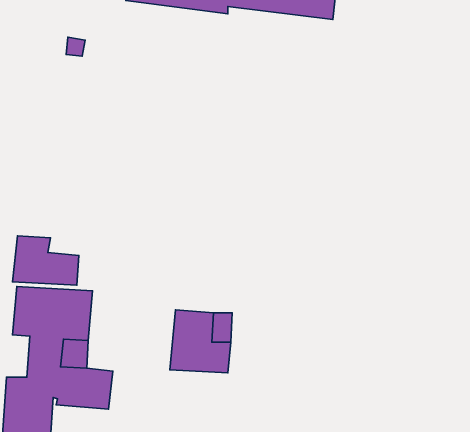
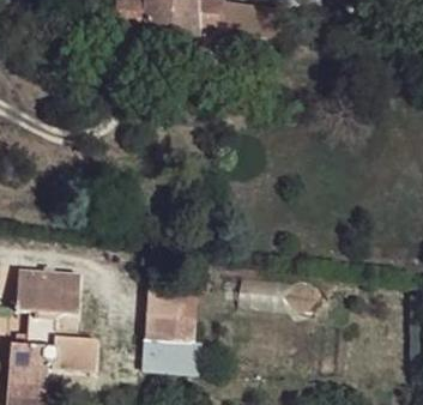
building: [13,236,79,285] -> none
building: none -> [143,337,193,373]

